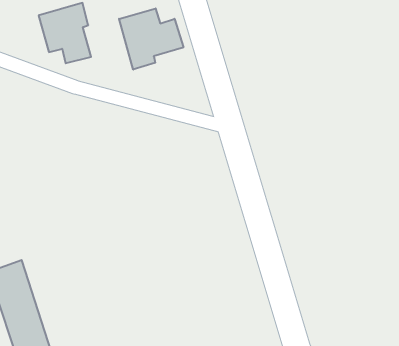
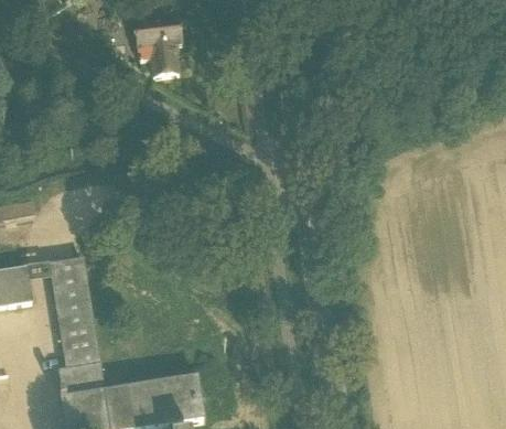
building: [119,8,183,70] -> none

